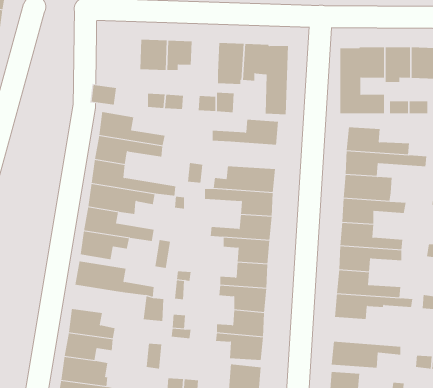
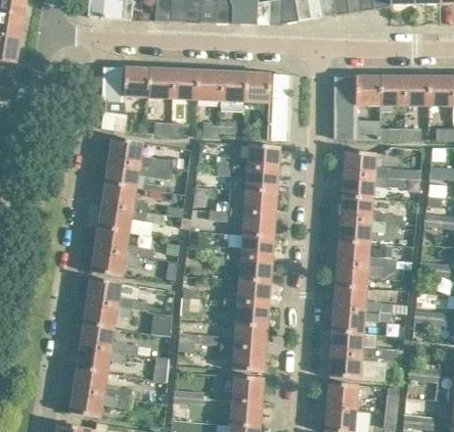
building: none -> [104,67,148,101]
building: none -> [196,70,222,100]
building: none -> [195,162,277,191]
building: none -> [83,300,131,327]
building: none -> [330,331,396,358]

